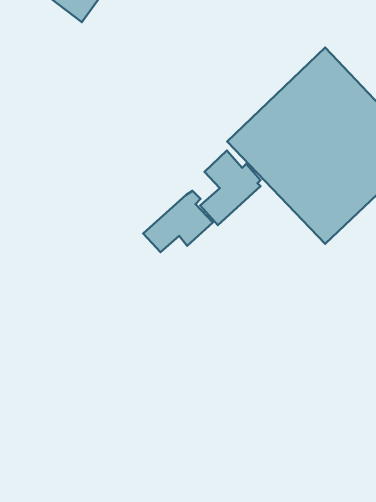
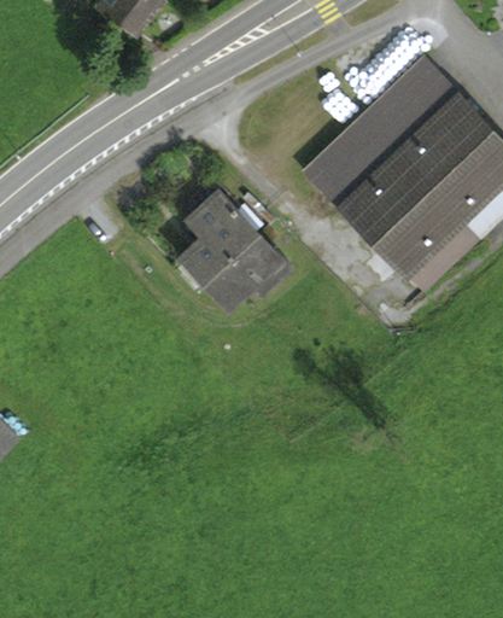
building: [200,150,261,225] -> [185,191,256,279]

